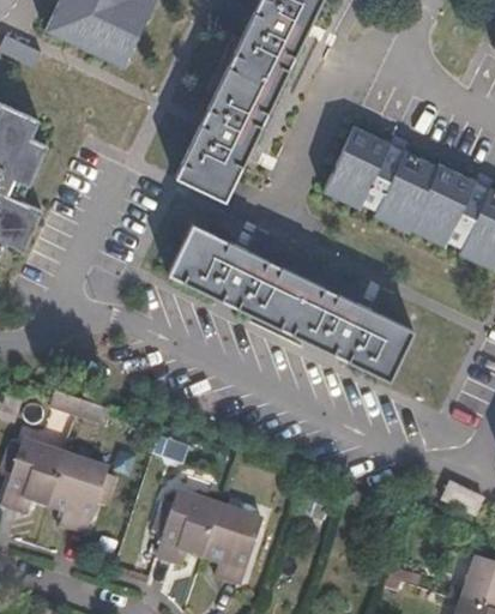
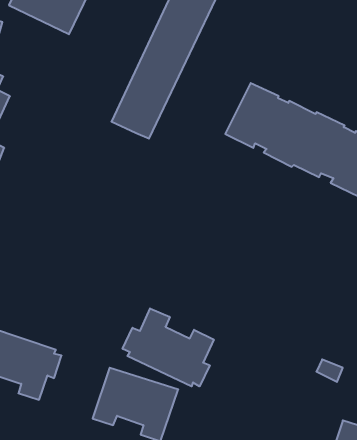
building: [169,224,412,378] -> none
building: none -> [123,308,214,386]

